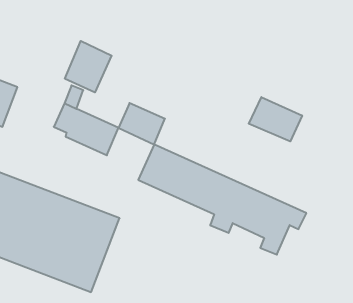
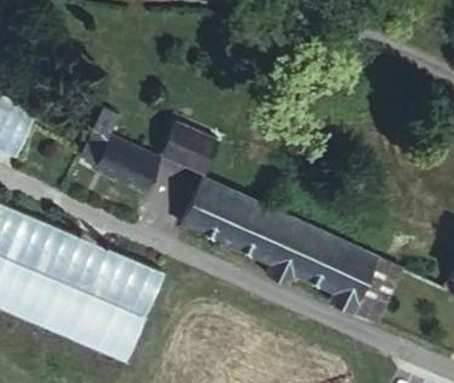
building: [65,41,112,92] -> none
building: [249,97,302,141] -> none

